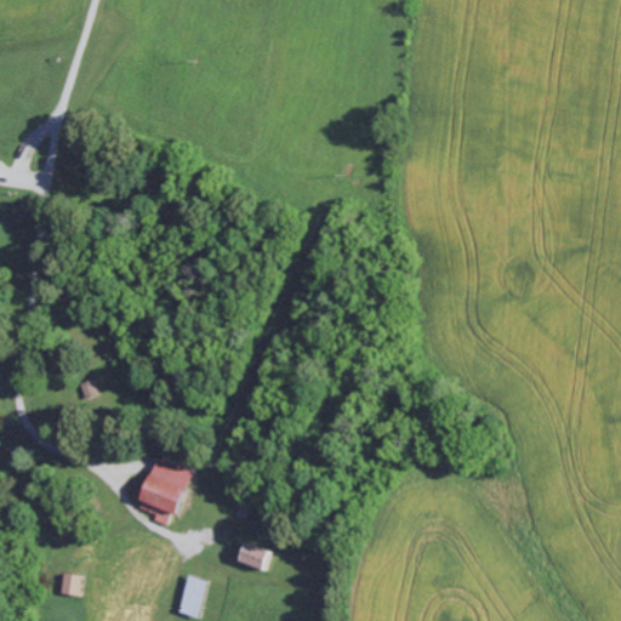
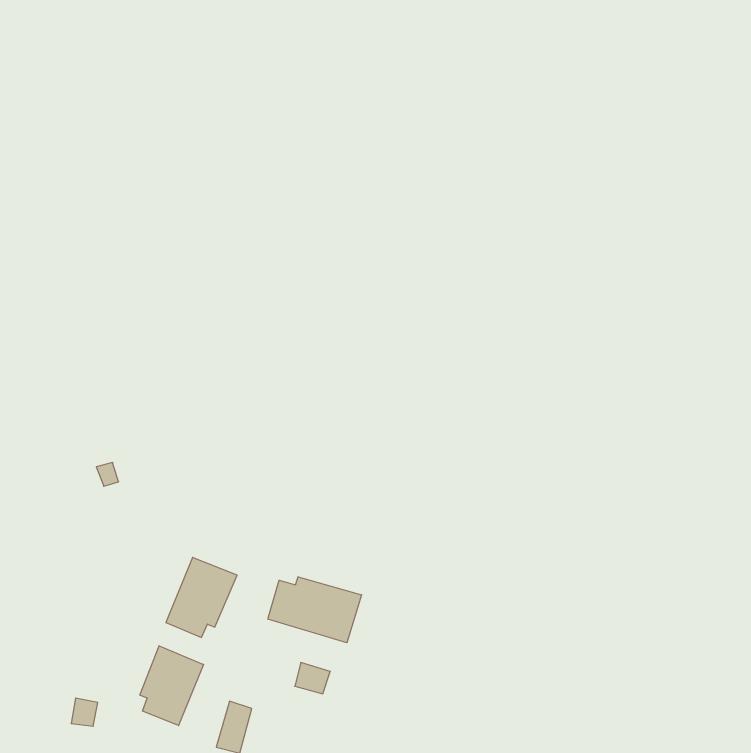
building: none -> [268,577,362,643]
building: none -> [140,646,204,726]

